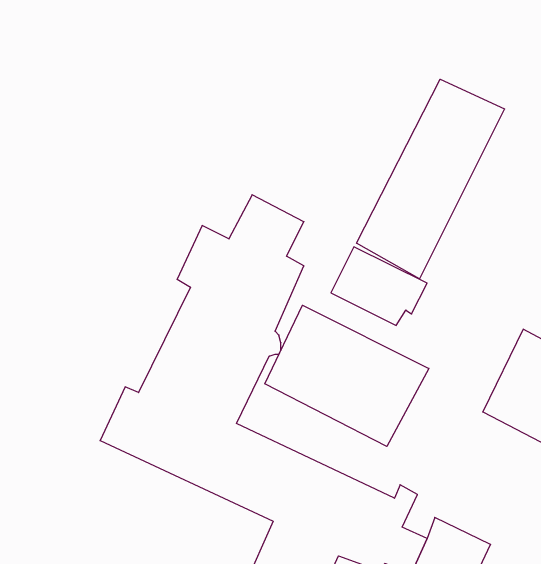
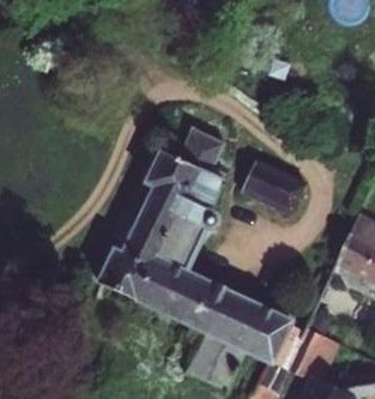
building: [357,79,505,279] -> none
building: [265,305,429,446] -> none

